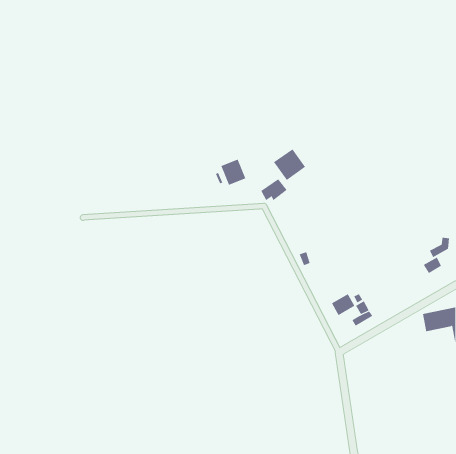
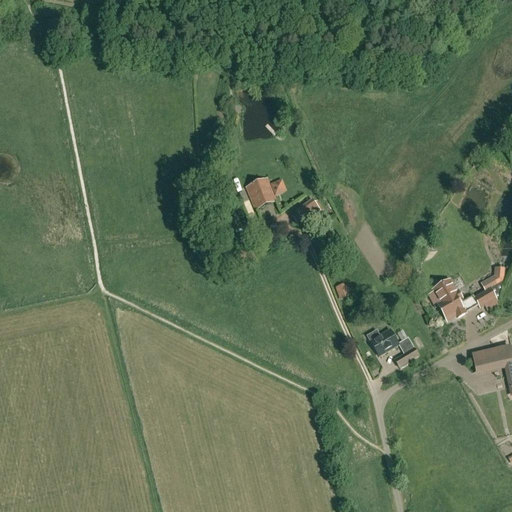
building: [273,149,306,181] -> none
building: none -> [427,280,472,317]

